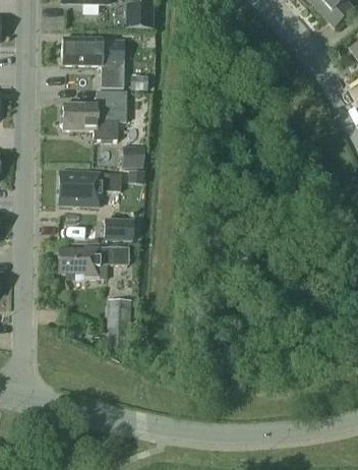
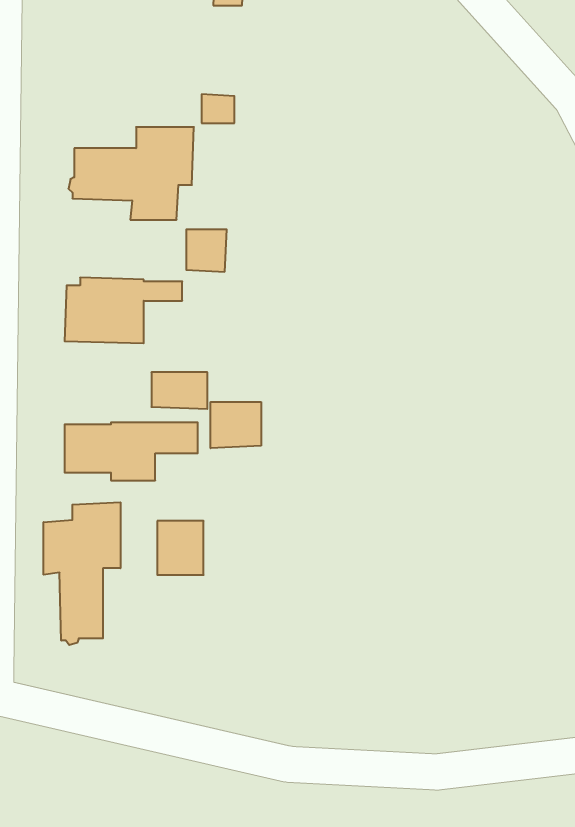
building: [61,37,124,87] -> none
building: none -> [211,402,261,448]
building: none -> [44,502,120,645]

